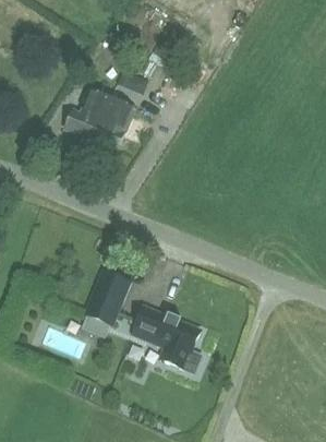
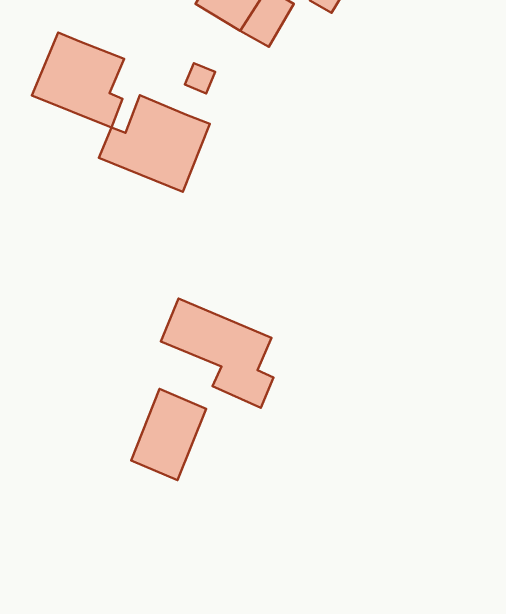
building: none -> [32,32,124,127]
building: [133,308,202,374] -> [161,299,273,408]

